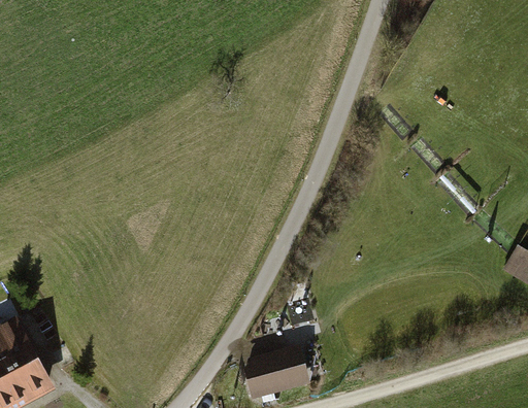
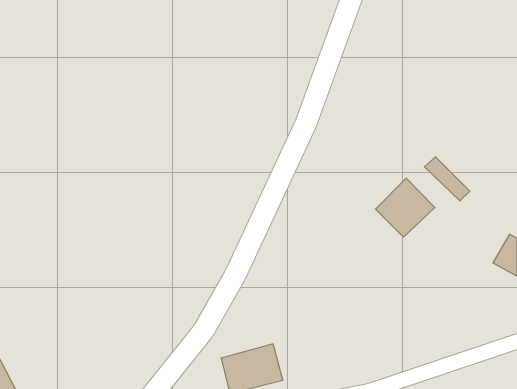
building: none -> [375,178,435,237]

